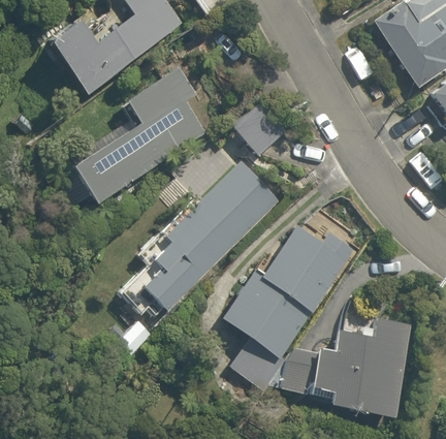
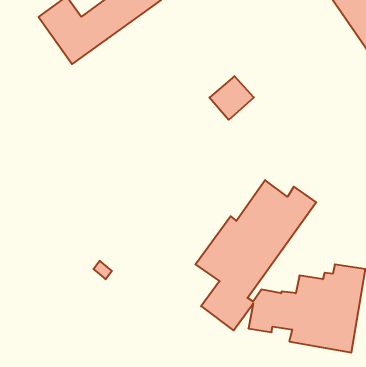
building: [69,67,215,201] -> none
building: [142,160,281,311] -> none

